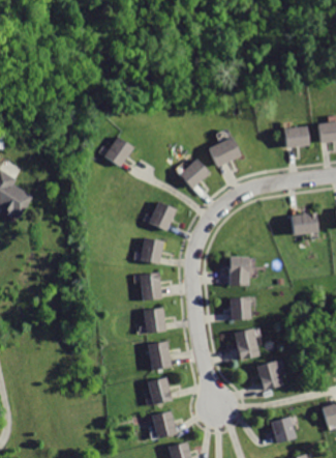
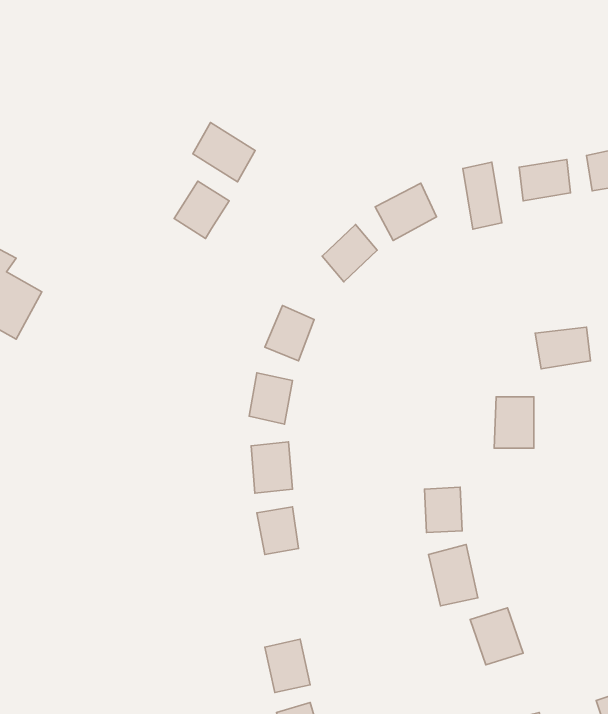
building: none -> [193,122,255,182]
building: none -> [463,162,502,229]
building: [228,259,249,286] -> [494,397,534,448]
building: [149,341,173,370] -> none

